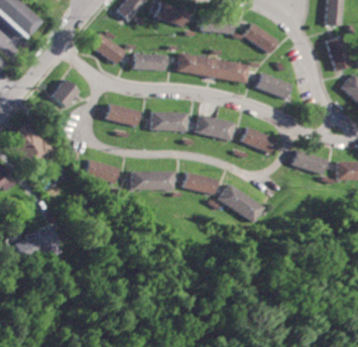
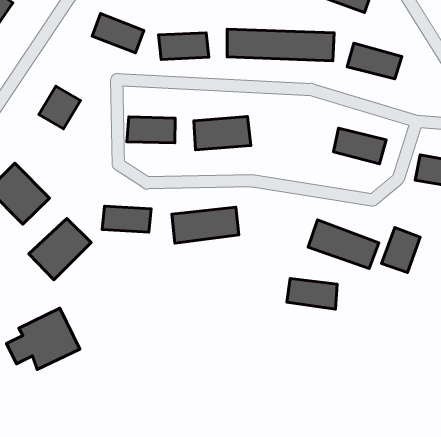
building: [196,114,235,140] -> none
building: none -> [29,218,91,280]
building: [182,171,216,195] -> [287,278,337,309]
building: none -> [382,227,420,273]

